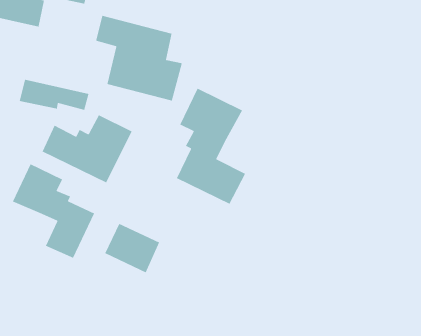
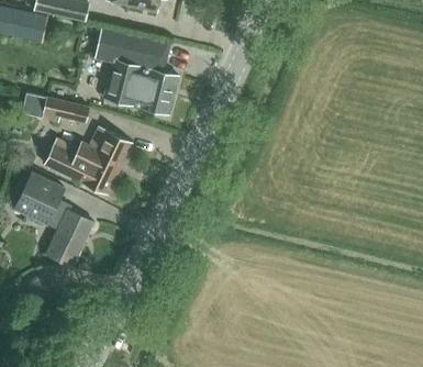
building: [176,87,246,205] -> none
building: [104,223,160,273] -> none

